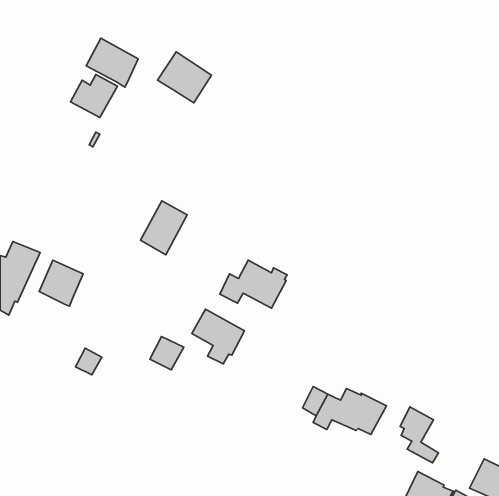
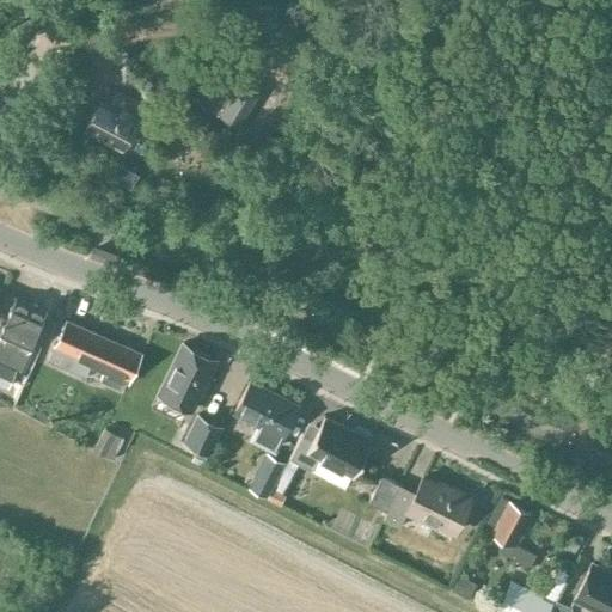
building: [86,38,138,87] -> none
building: [140,201,187,255] -> [159,347,216,412]
building: [220,260,287,308] -> [290,418,373,477]
building: none -> [90,339,142,391]
building: none -> [250,455,286,498]

